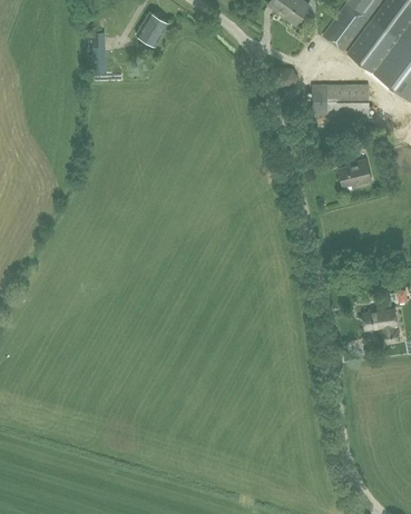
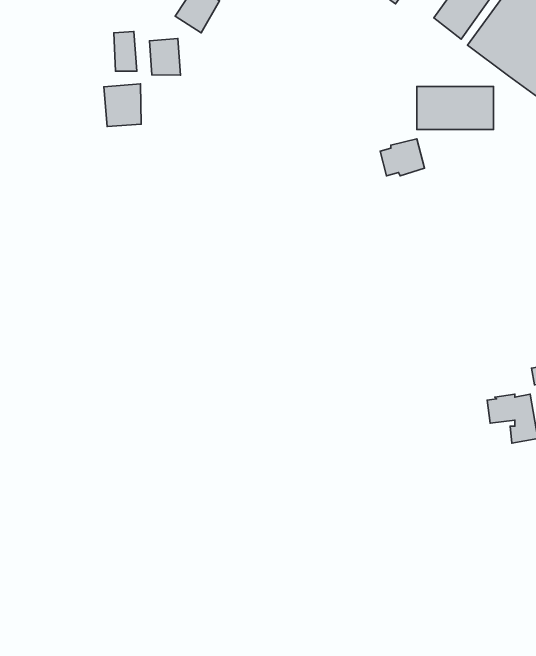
building: none -> [149,38,181,75]
building: none -> [104,84,141,126]
building: [339,159,371,186] -> [380,139,425,176]

